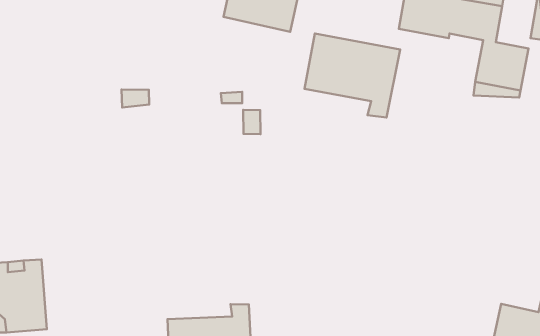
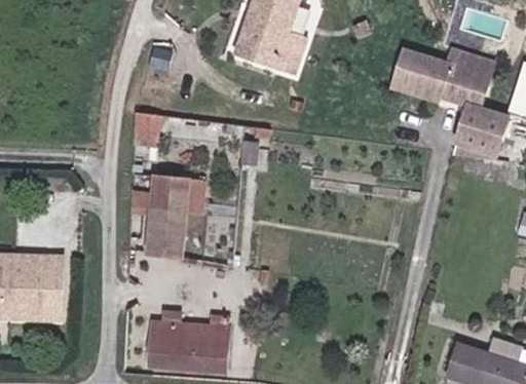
building: [305,33,400,118] -> none
building: none -> [147,177,204,258]
building: none -> [43,257,66,320]

